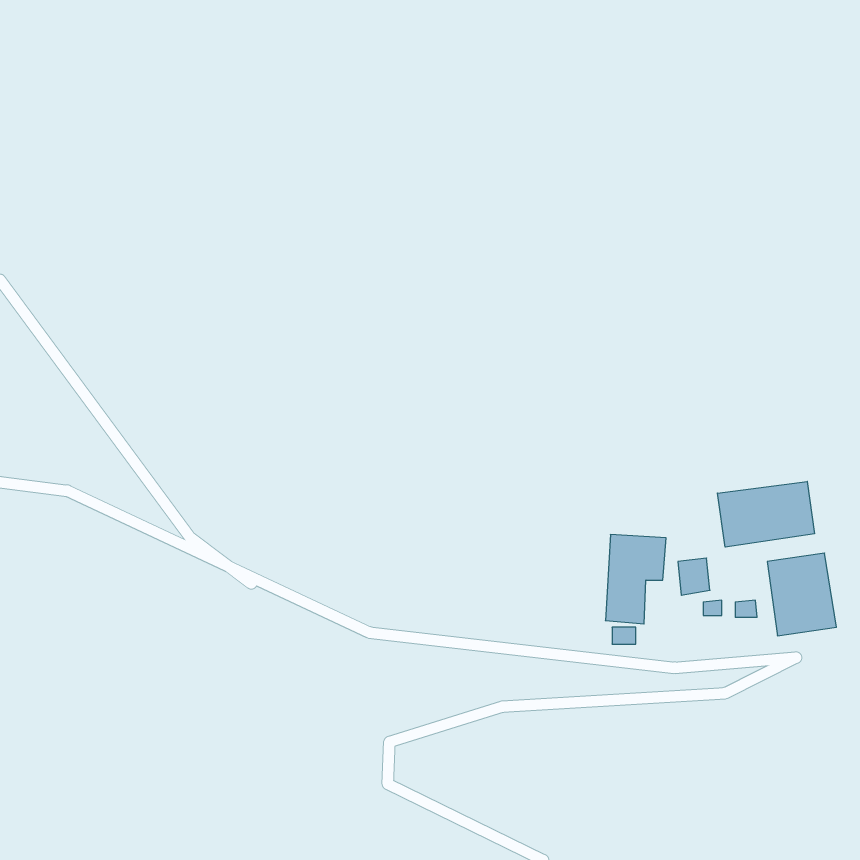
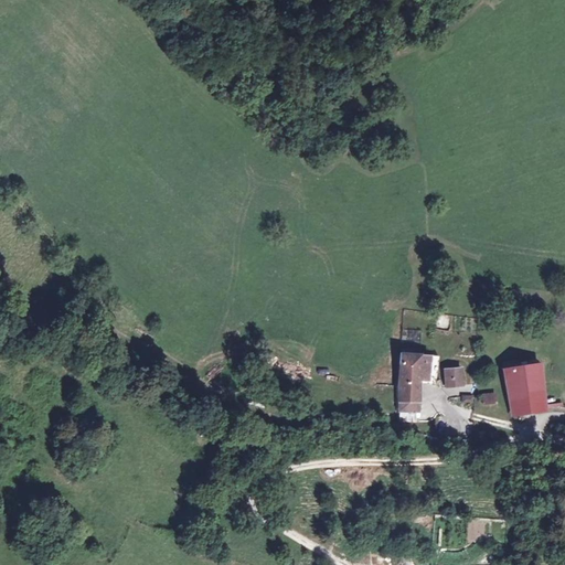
building: [717,481,814,547] -> none

